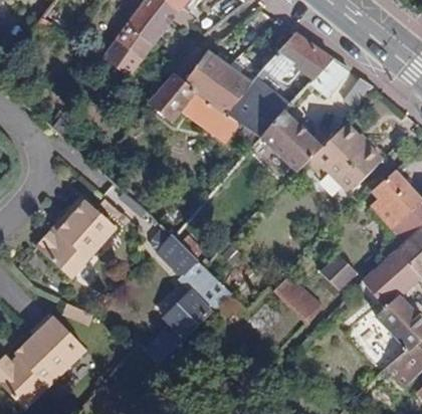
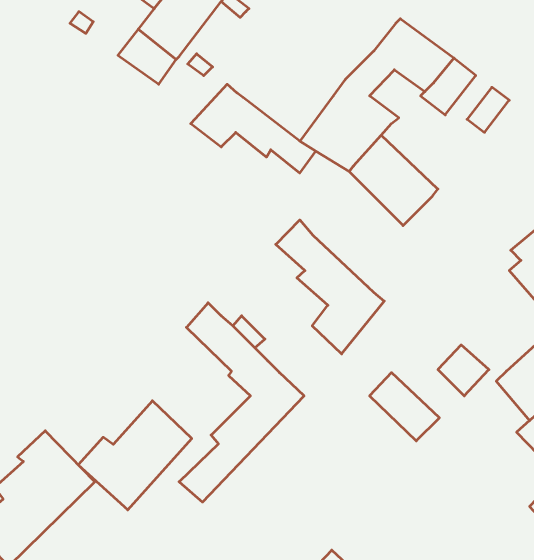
building: [184,50,250,115] -> none
building: [314,125,382,192] -> none
building: none -> [276,220,384,354]
building: [36,202,115,277] -> [78,401,192,510]

